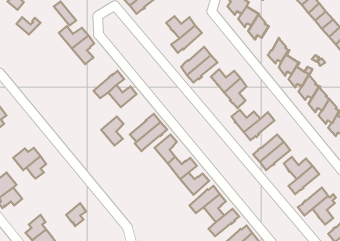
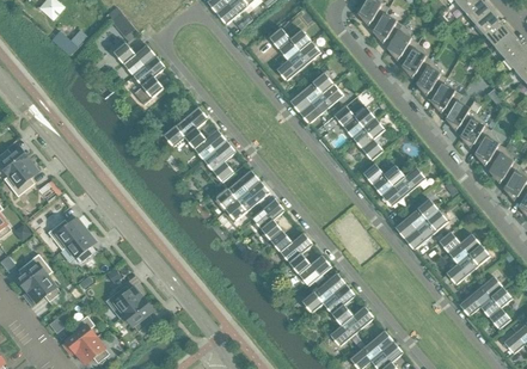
building: none -> [402,42,431,78]
building: [101,116,124,145] -> [203,140,235,182]
building: none -> [111,285,145,314]

